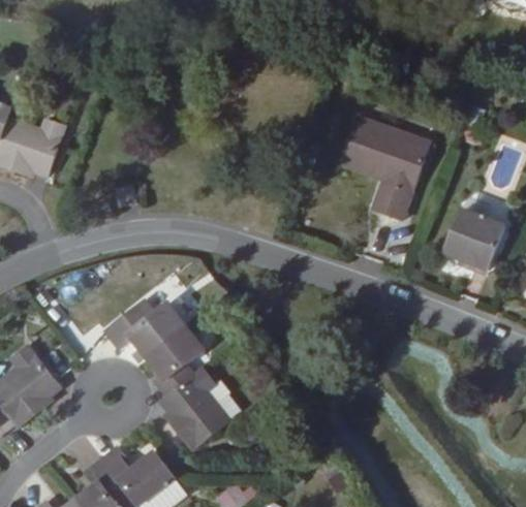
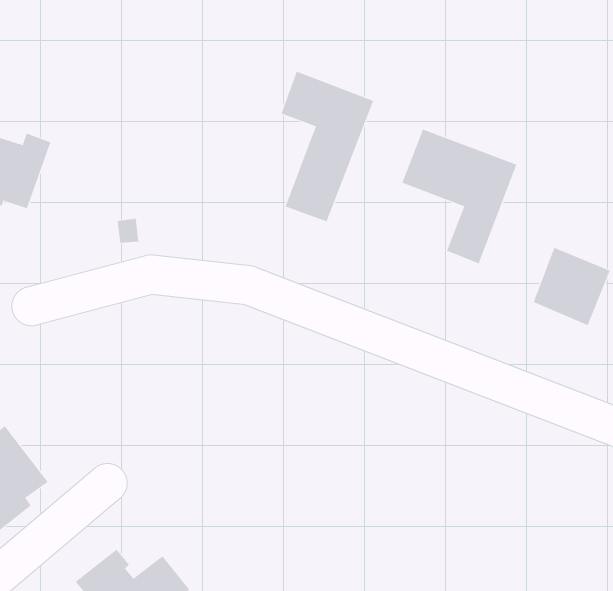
building: none -> [281,71,374,222]
building: [101,298,228,450] -> none

